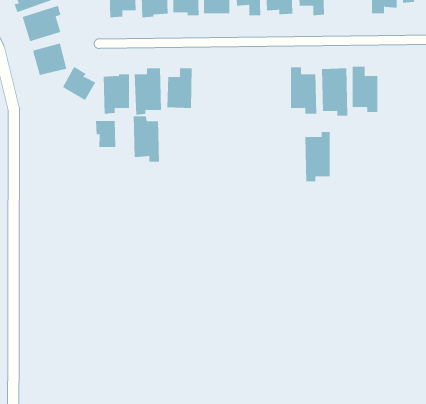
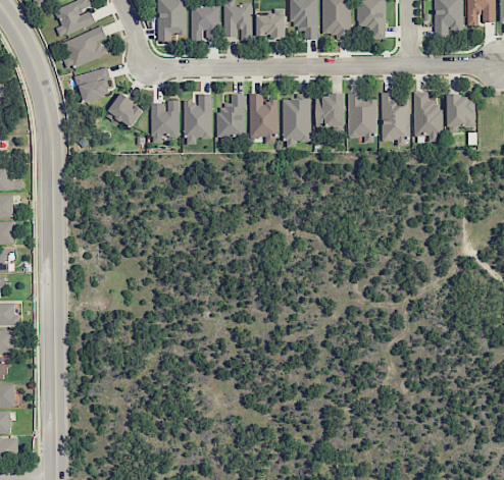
building: none -> [315,95,344,126]
building: none -> [447,96,475,127]
building: [133,116,160,162] -> [249,94,278,143]
building: [96,120,116,148] -> none
building: [305,132,331,182] -> [283,94,310,147]

